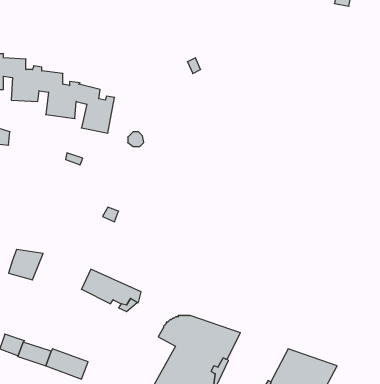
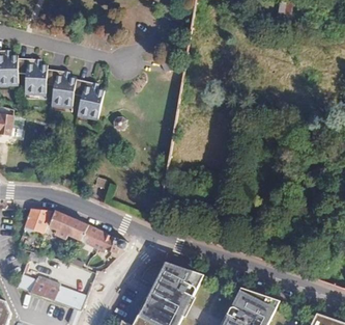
building: none -> [48,213,86,240]

